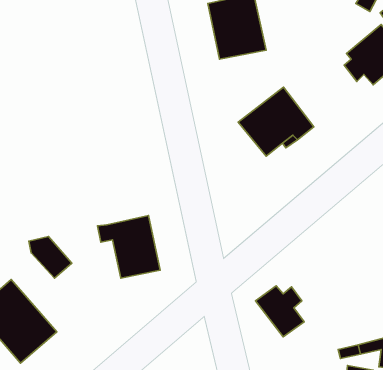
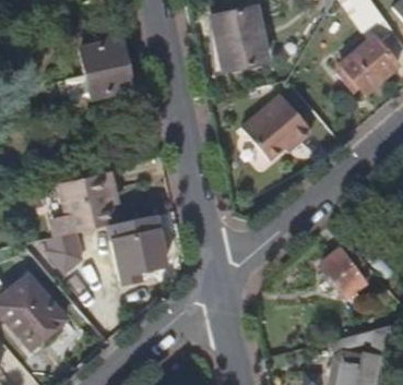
building: none -> [78,41,129,99]
building: none -> [64,173,115,232]
building: [255,286,304,337] -> [319,250,365,298]

